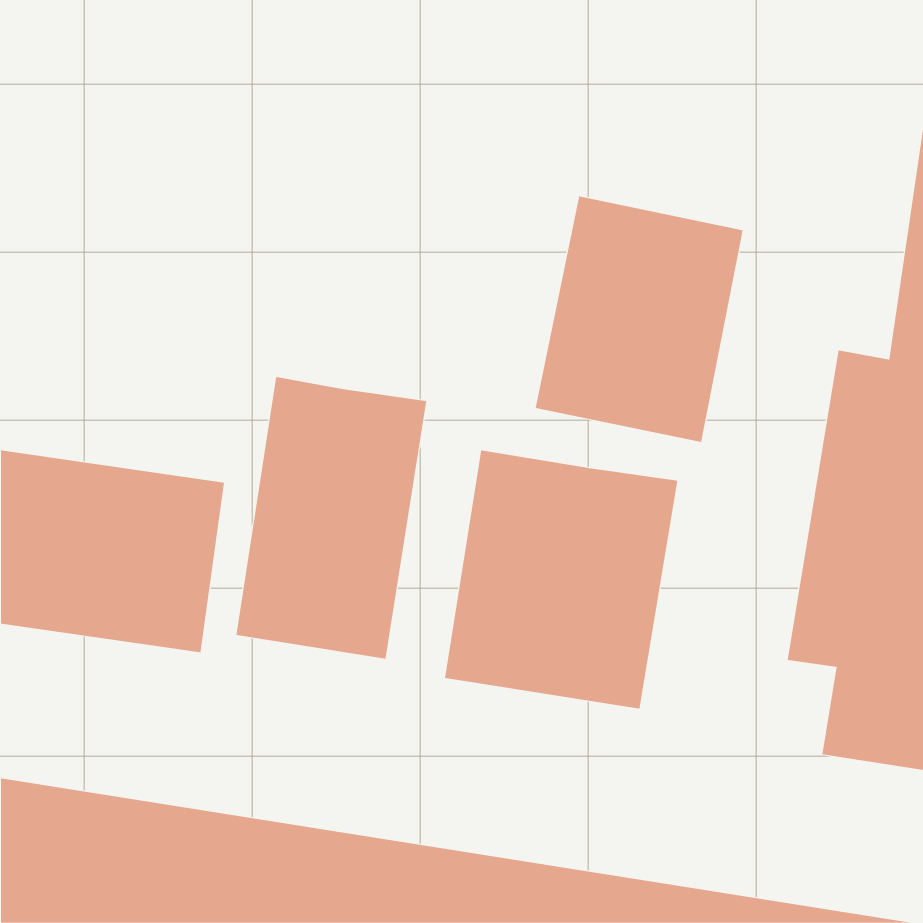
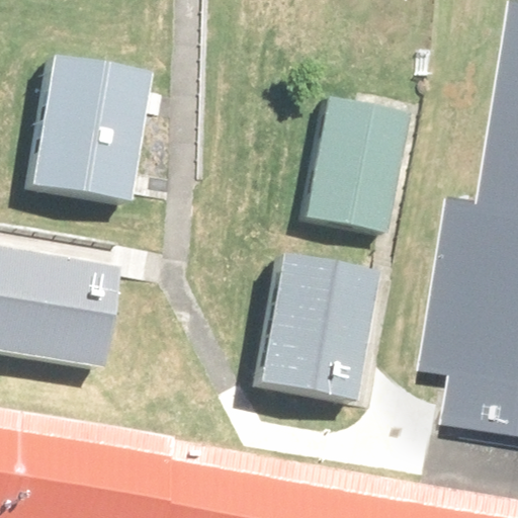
building: none -> [14,58,150,222]
building: [236,376,427,659] -> none

